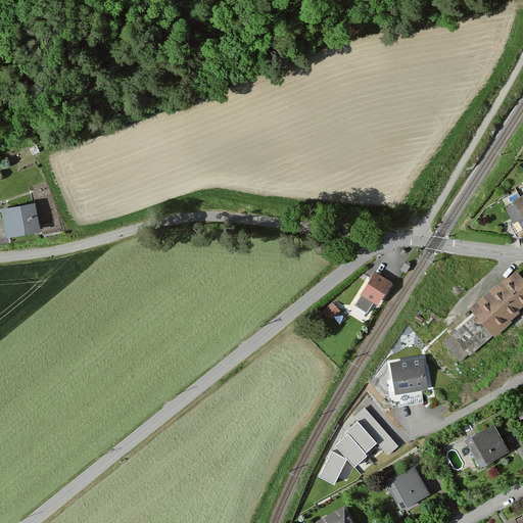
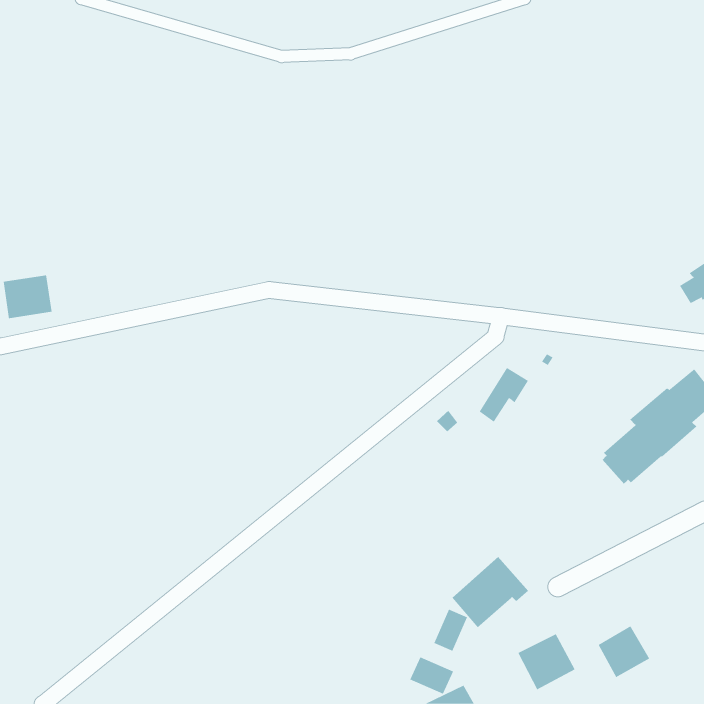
building: [392,358,427,391] -> none
building: [469,426,508,465] -> [598,625,650,678]
building: none -> [410,656,454,695]

